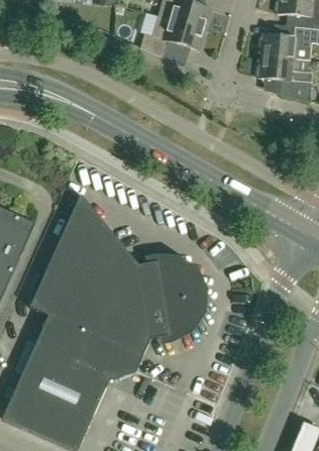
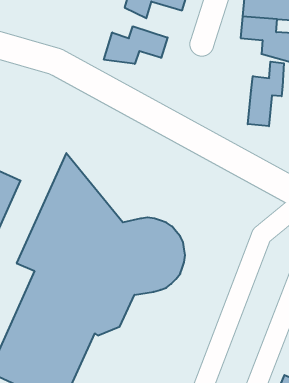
building: none -> [104,26,168,64]
building: none -> [248,62,284,126]

